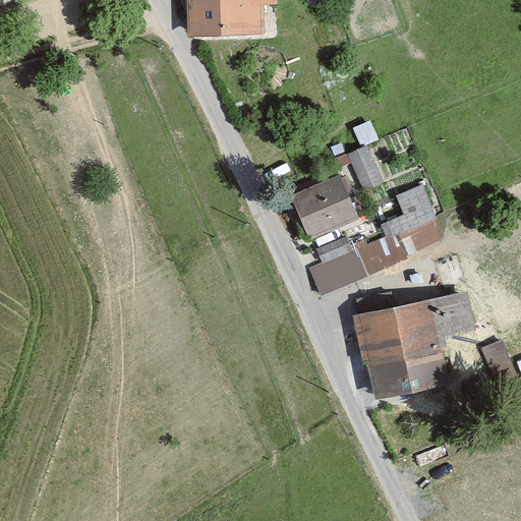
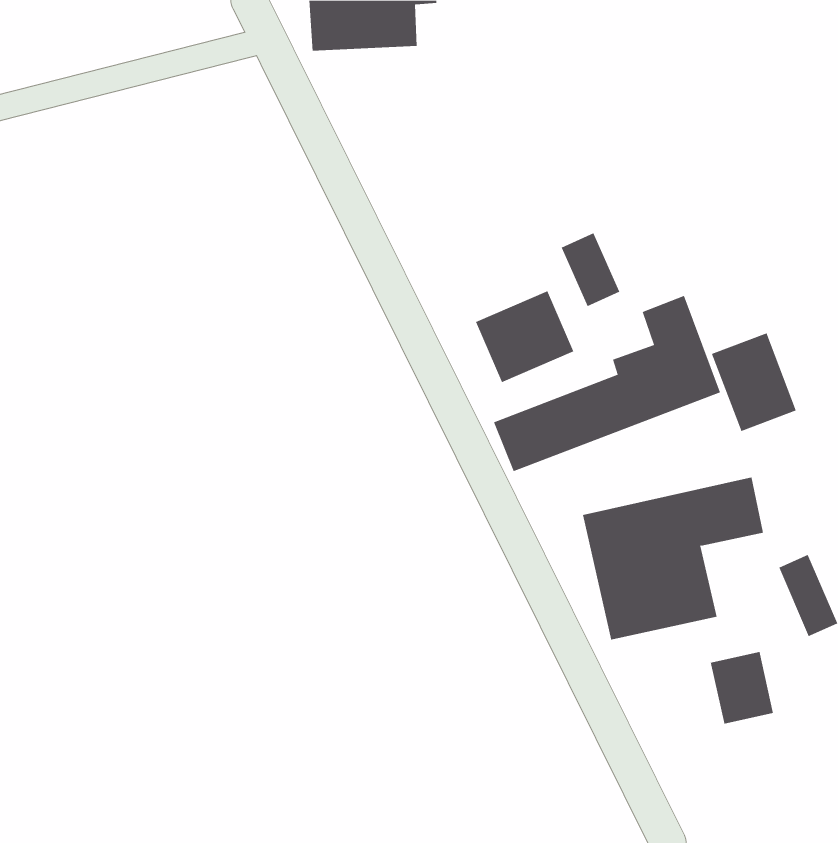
building: none -> [711,332,797,432]
building: none -> [710,651,774,724]

